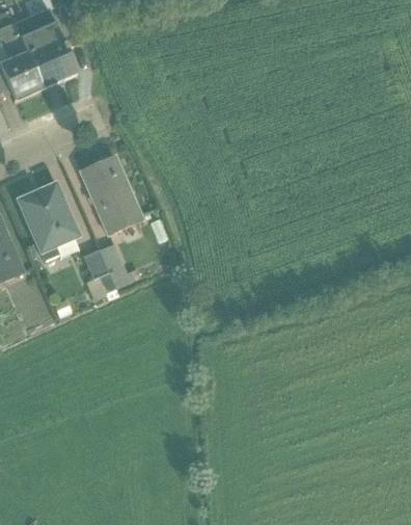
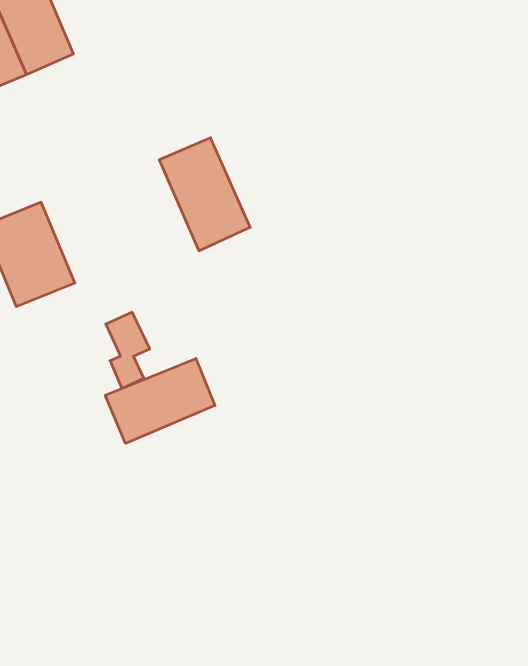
building: [79,154,143,234] -> [159,138,250,251]
building: none -> [105,358,215,443]

